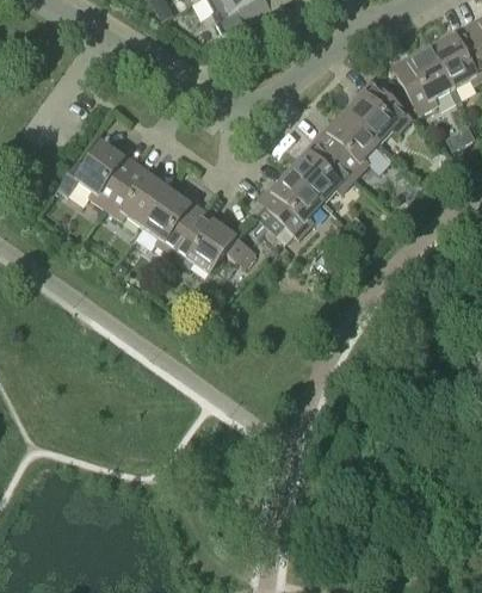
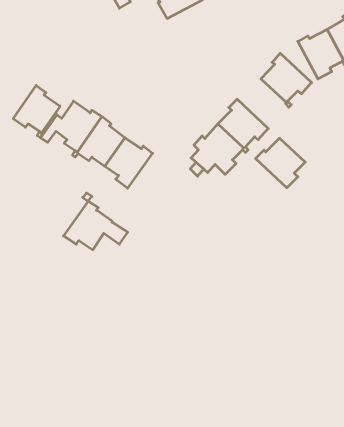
building: [313,112,377,177] -> [256,138,305,188]
building: none -> [13,85,60,138]
building: [171,209,254,272] -> [63,201,128,250]

